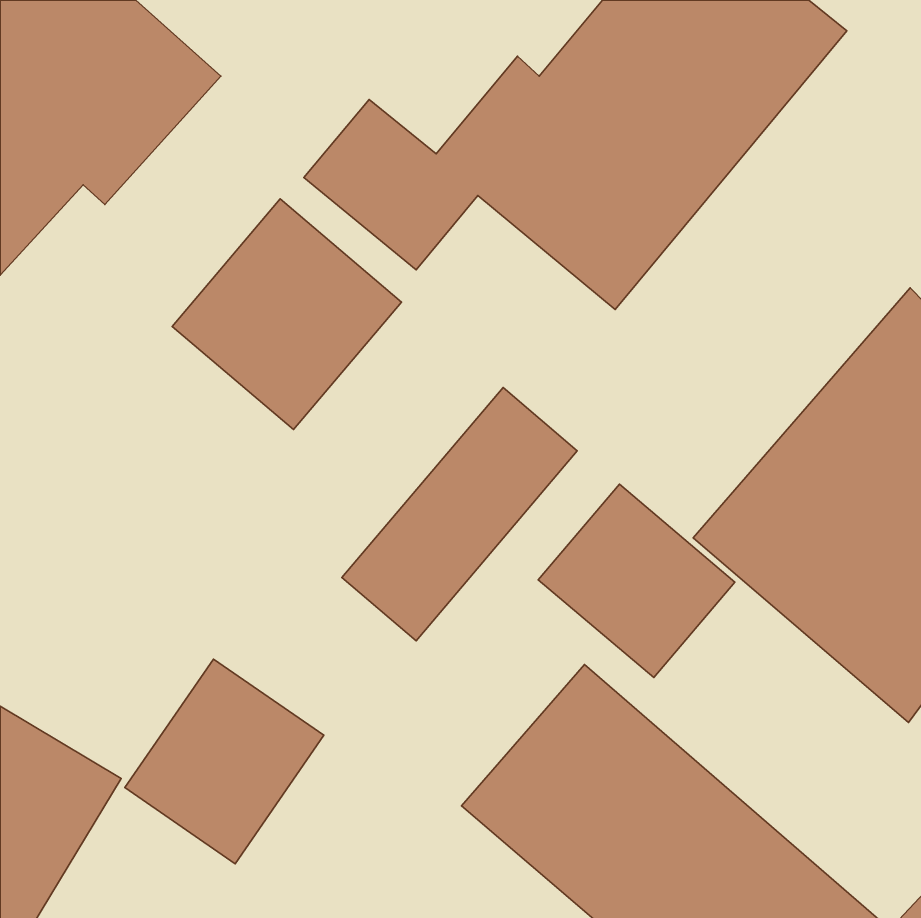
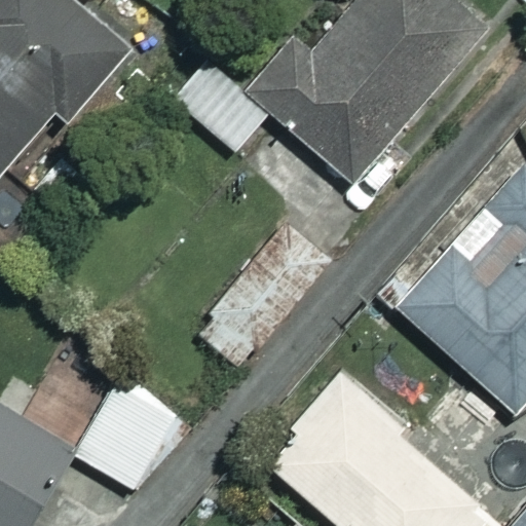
building: [172,199,401,429] -> none
building: [538,484,735,678] -> none

